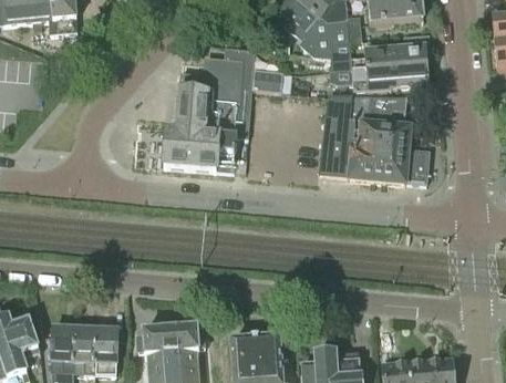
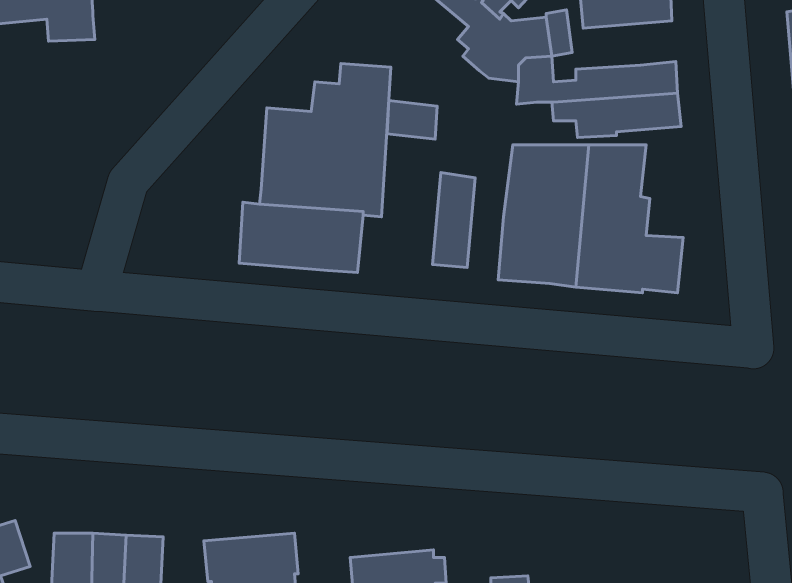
building: none -> [432,173,475,268]

